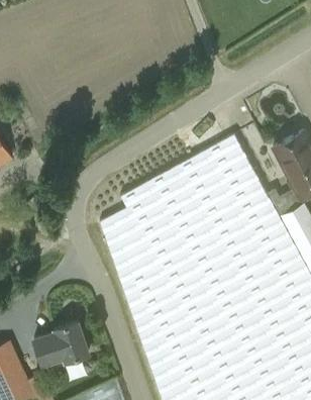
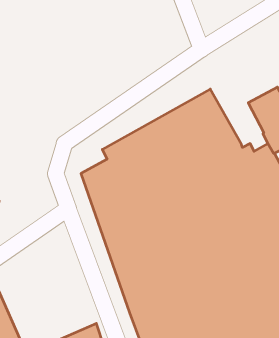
building: [33,323,88,368] -> none

